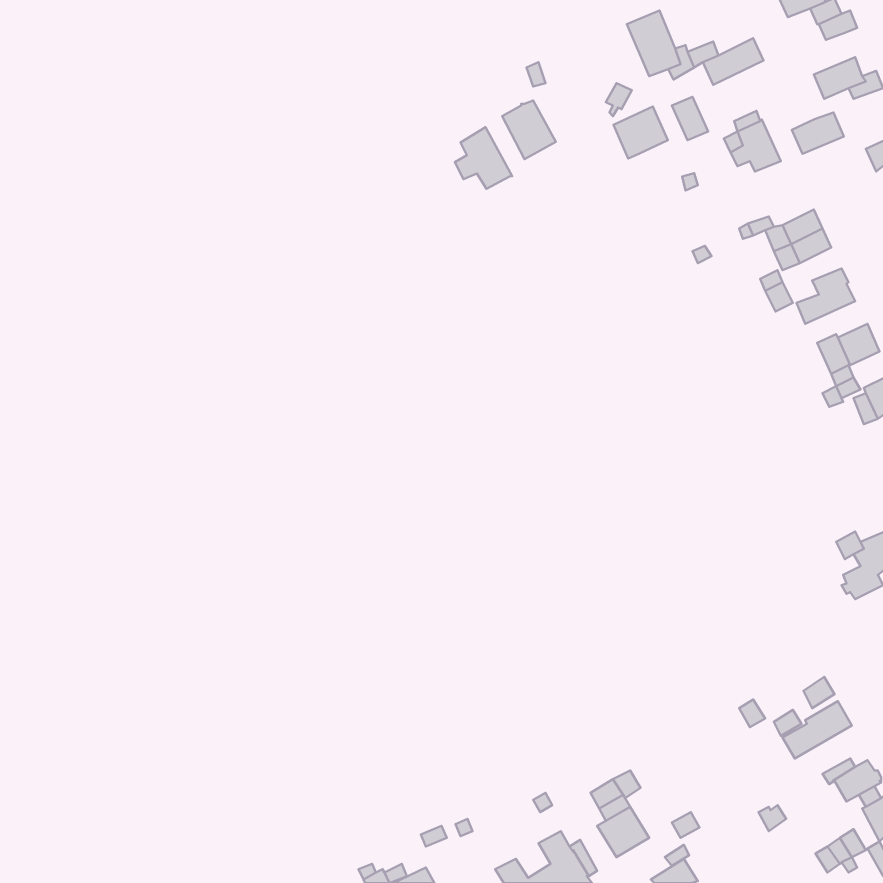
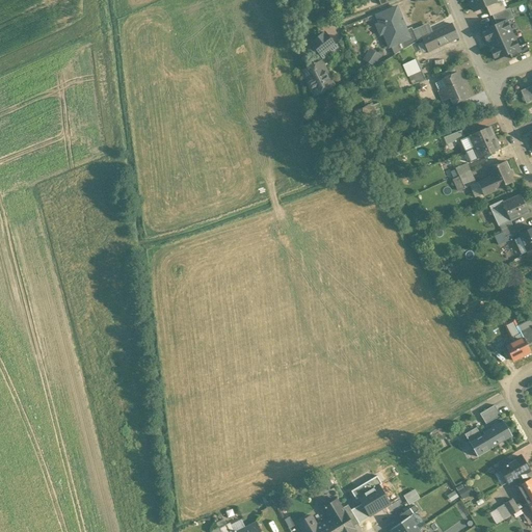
building: [614,106,668,159] -> none
building: [792,112,844,154] -> [483,20,514,45]
building: [455,127,512,189] -> none

